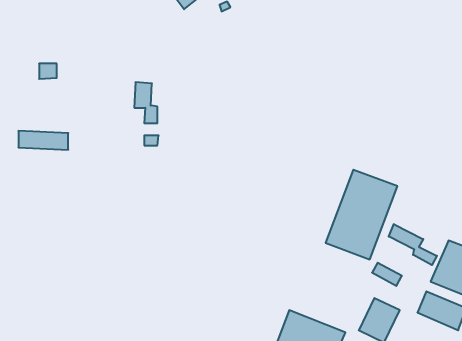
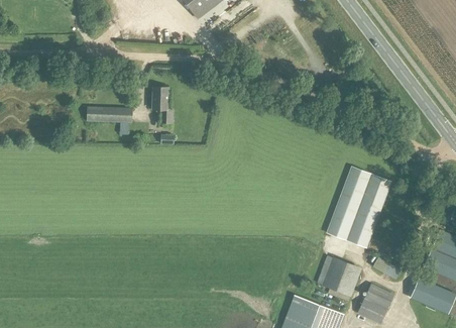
building: [18,131,68,150] -> [86,106,131,123]
building: [389,224,437,265] -> none
building: none -> [316,255,361,301]

